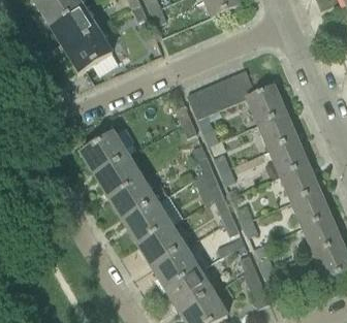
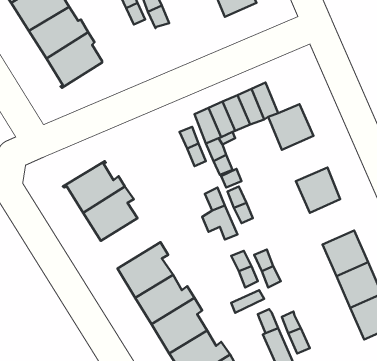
building: [258,112,295,150] -> none
building: [281,164,317,201] -> none
building: [111,174,166,221] -> none

